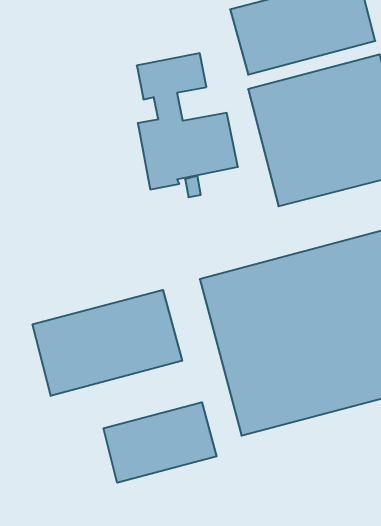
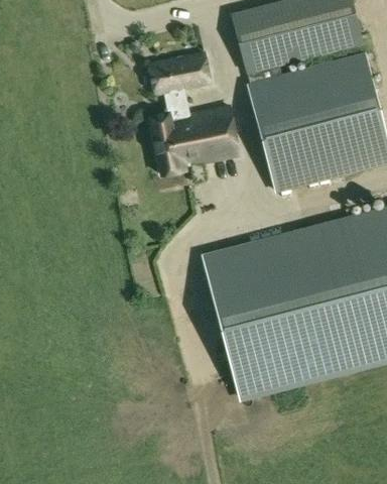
building: [33,290,182,396] -> none
building: [103,402,217,483] -> none

